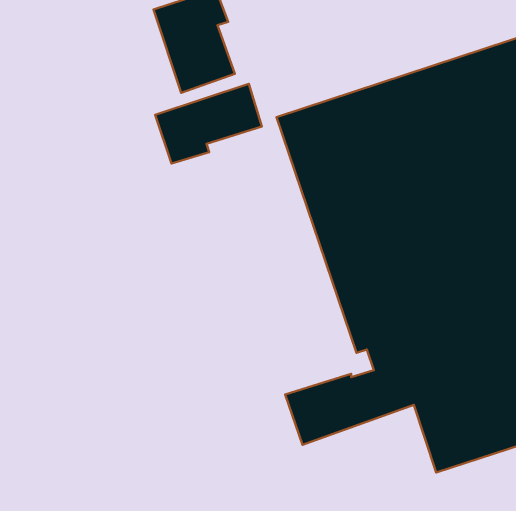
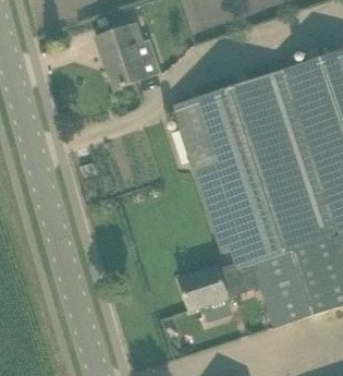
building: [155,84,262,164] -> none

